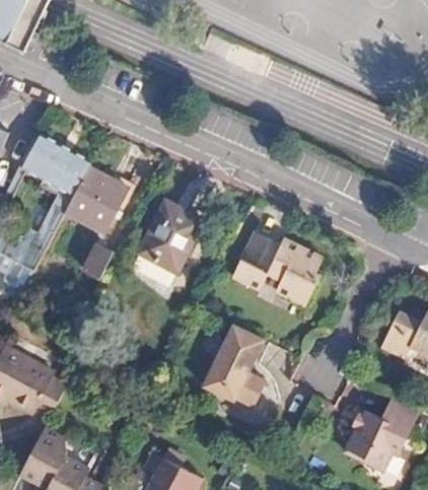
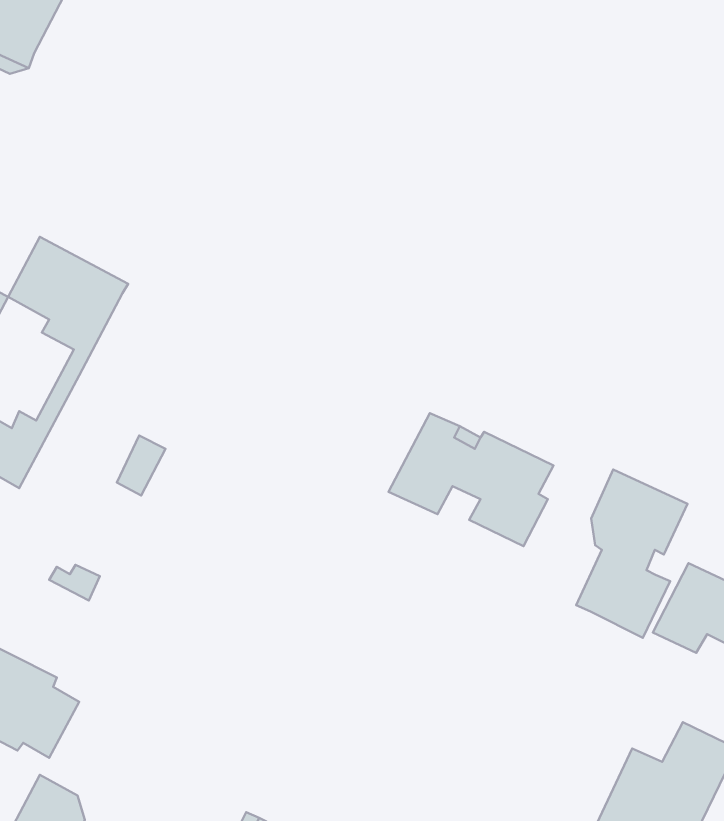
building: [62,167,124,231] -> none
building: [136,202,200,273] -> none
building: none -> [576,470,687,638]
building: [201,326,264,408] -> none

